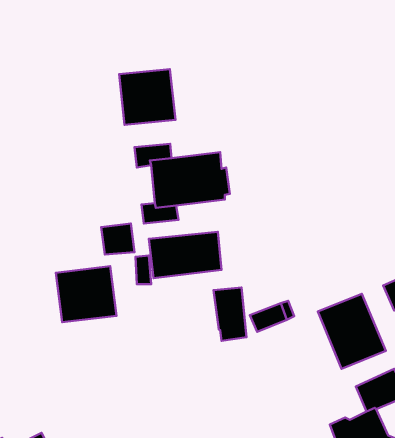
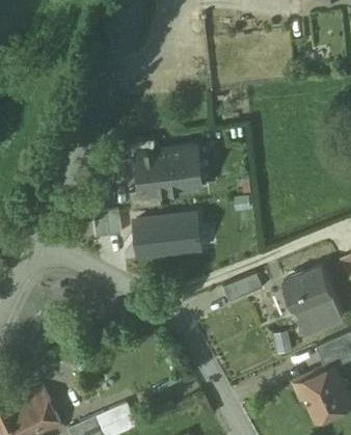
building: [119,69,175,125] -> none
building: [56,266,117,322] -> none
building: [213,288,247,341] -> none

